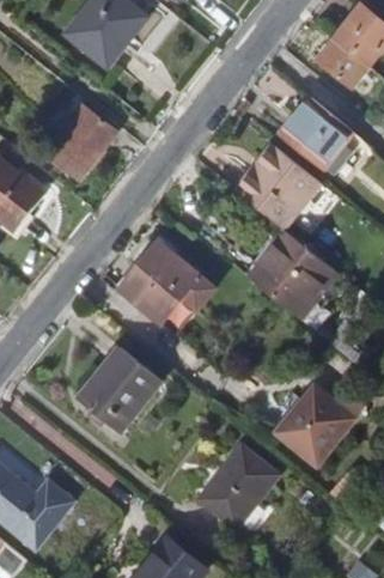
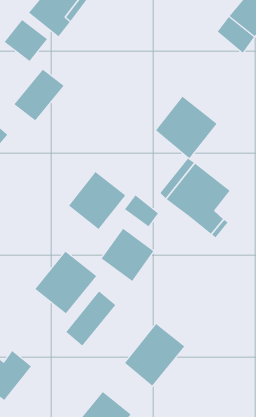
building: none -> [4,19,48,62]
building: [282,97,352,172] -> none
building: none -> [101,228,154,282]
building: [274,387,351,463] -> none
building: none -> [65,291,116,347]

